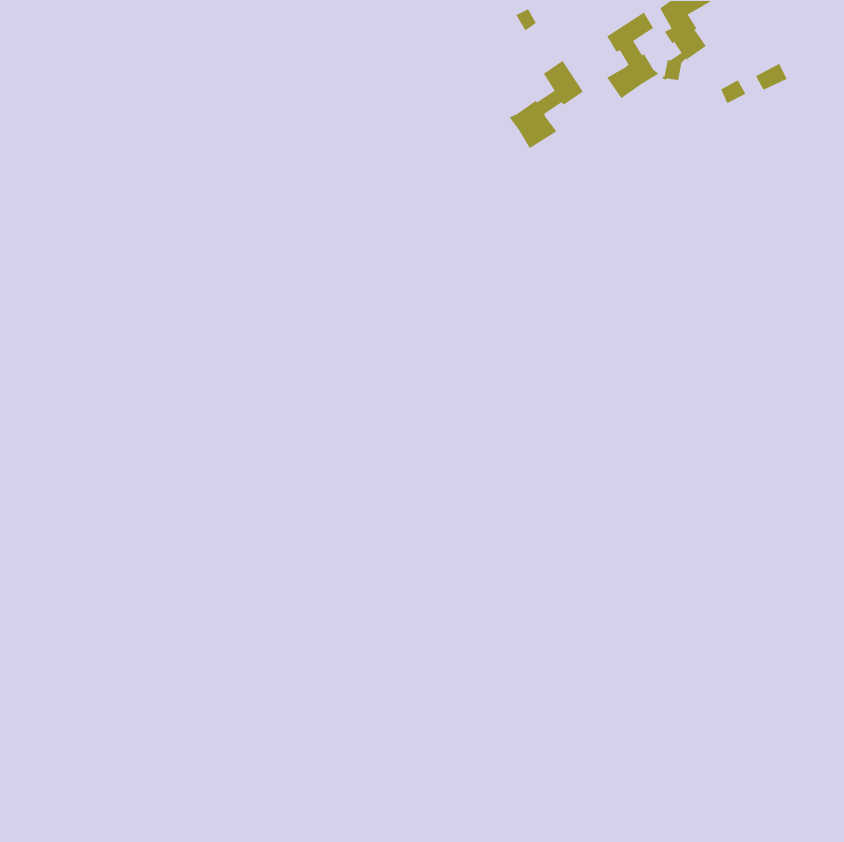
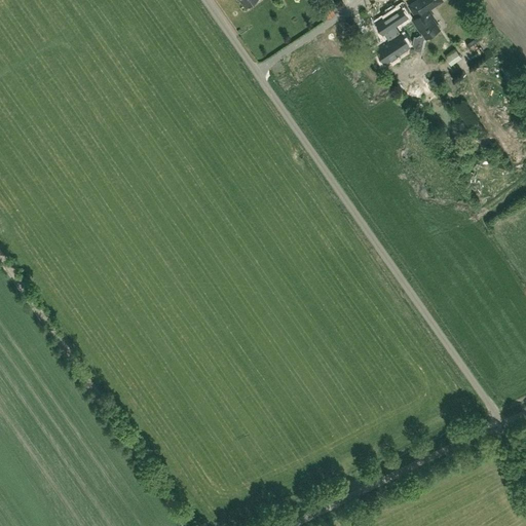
building: [509,60,584,149] -> none

